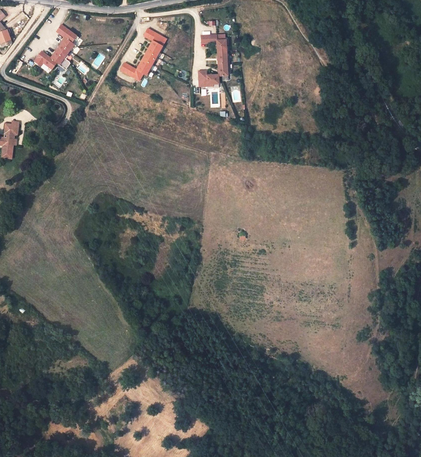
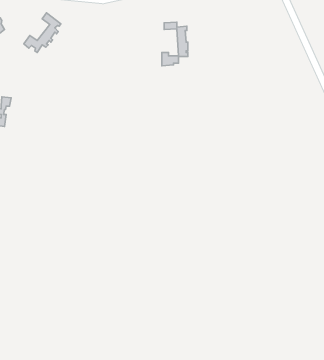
building: [120,27,166,79] -> none

